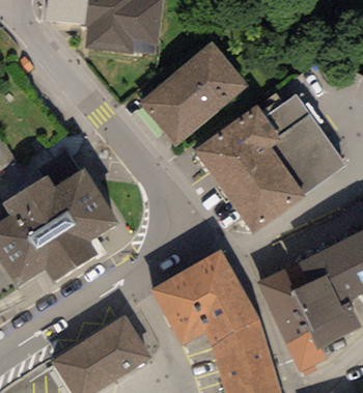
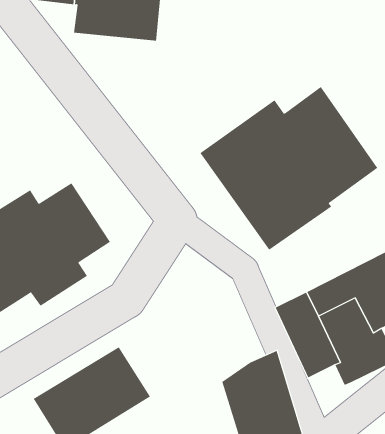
building: [139,41,249,146] -> none
building: [150,248,259,345] -> none
building: [285,331,328,372] -> none

